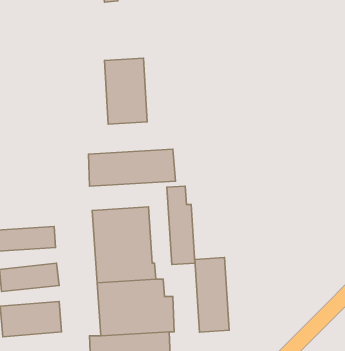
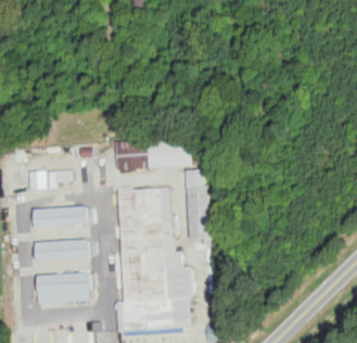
building: [104,58,147,124] -> none
building: [195,258,229,332] -> none

